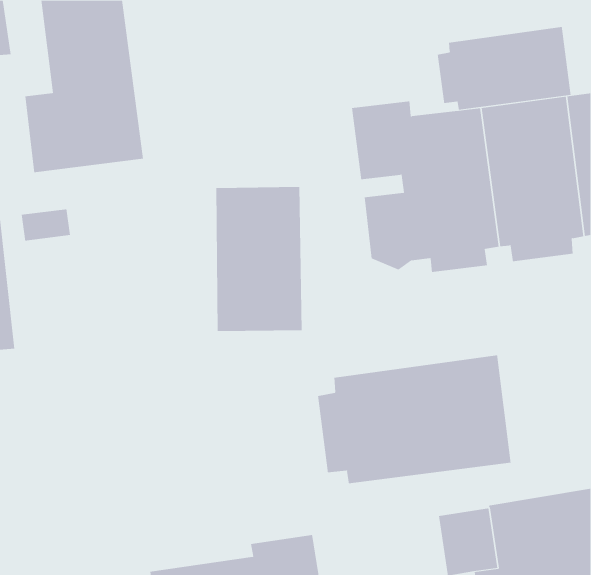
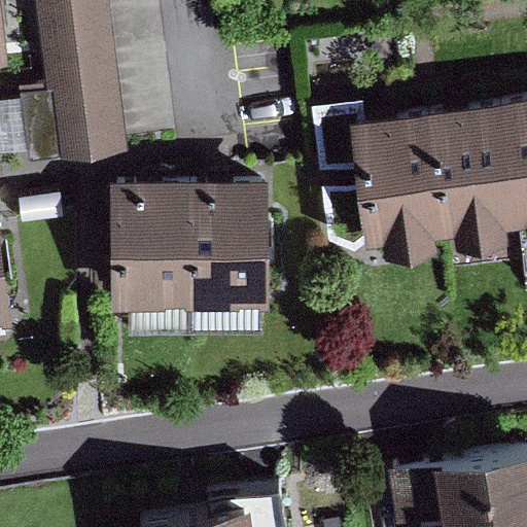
building: [437,26,571,110] -> none
building: none -> [111,182,192,311]
building: [317,354,511,484] -> none

